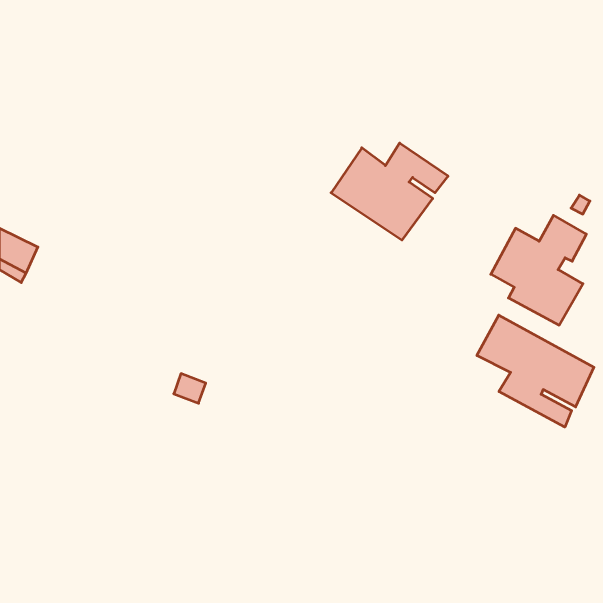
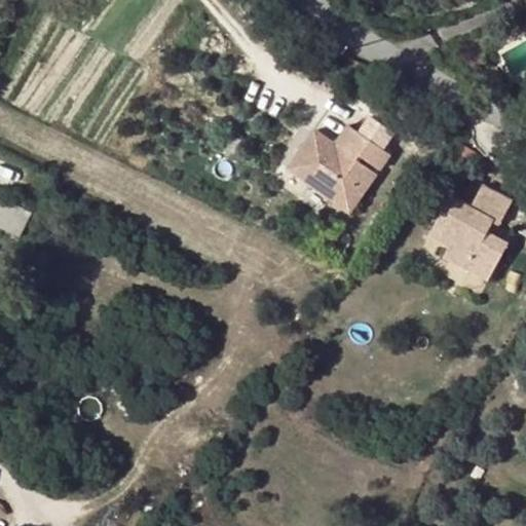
building: [477,315,594,427] -> none

